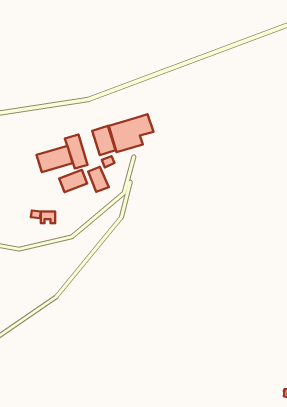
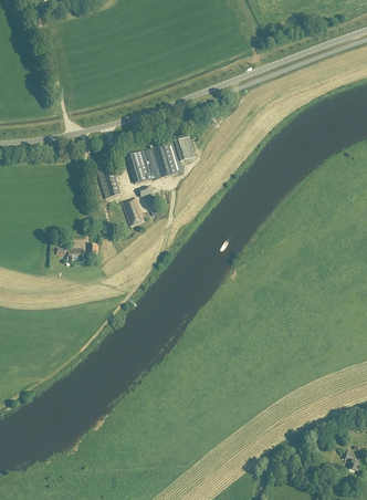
building: [37,146,73,172] -> none
building: [59,170,87,192] -> none

